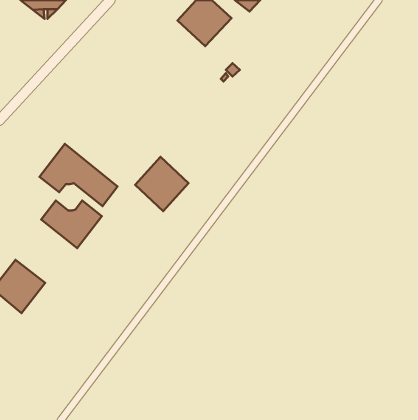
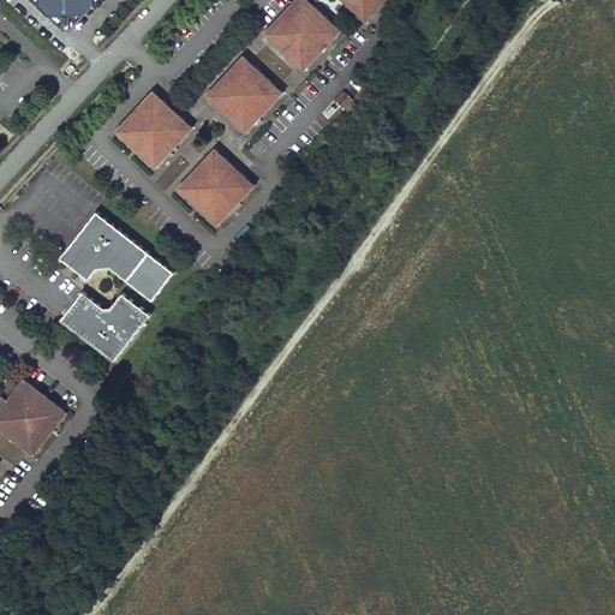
building: none -> [203,56,281,135]
building: none -> [113,91,191,168]
building: [135,157,189,211] -> [174,148,252,227]

